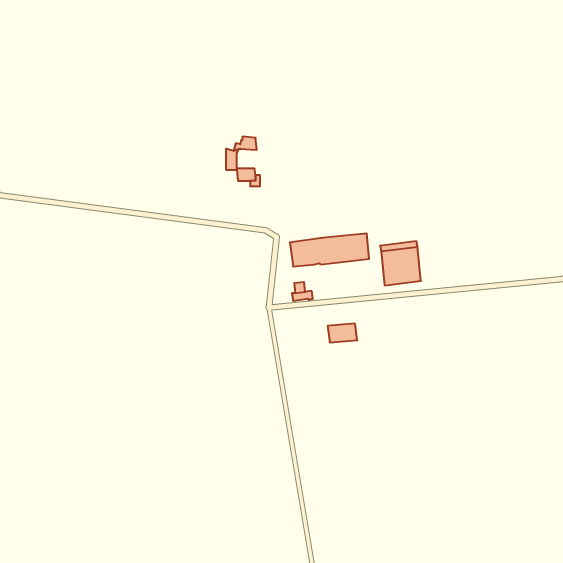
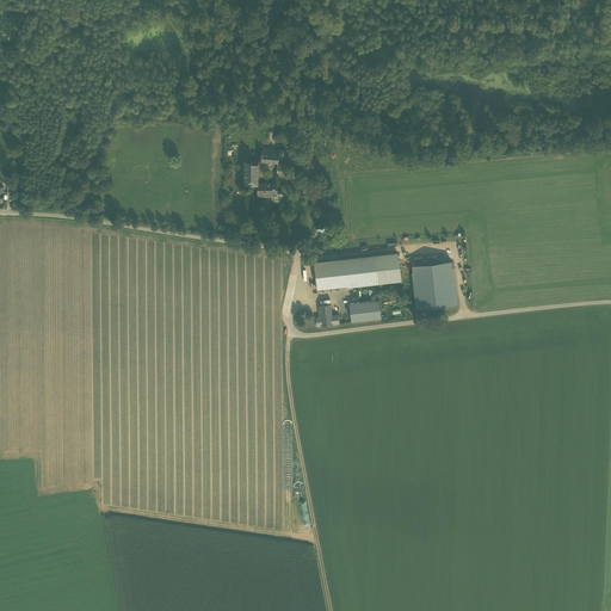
building: [328,324,357,342] -> [348,301,381,321]

